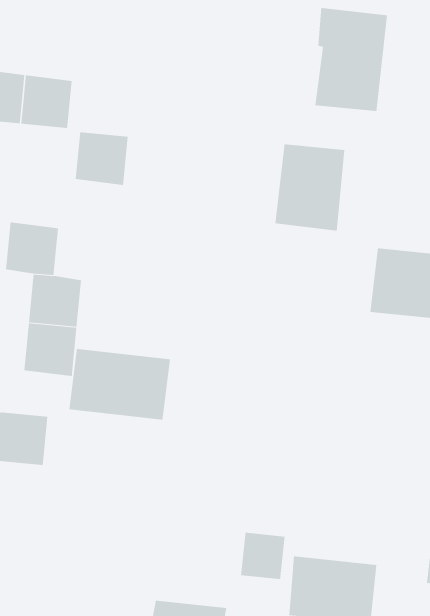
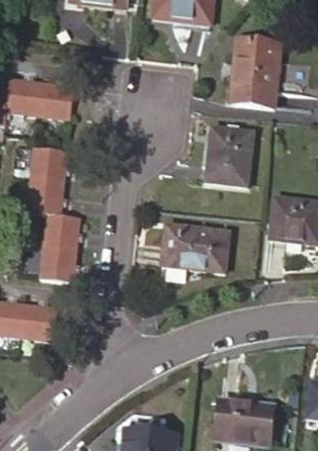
building: [75,132,128,185] -> [31,148,67,183]
building: [68,348,171,420] -> [162,224,230,272]
building: [241,532,285,580] -> none

